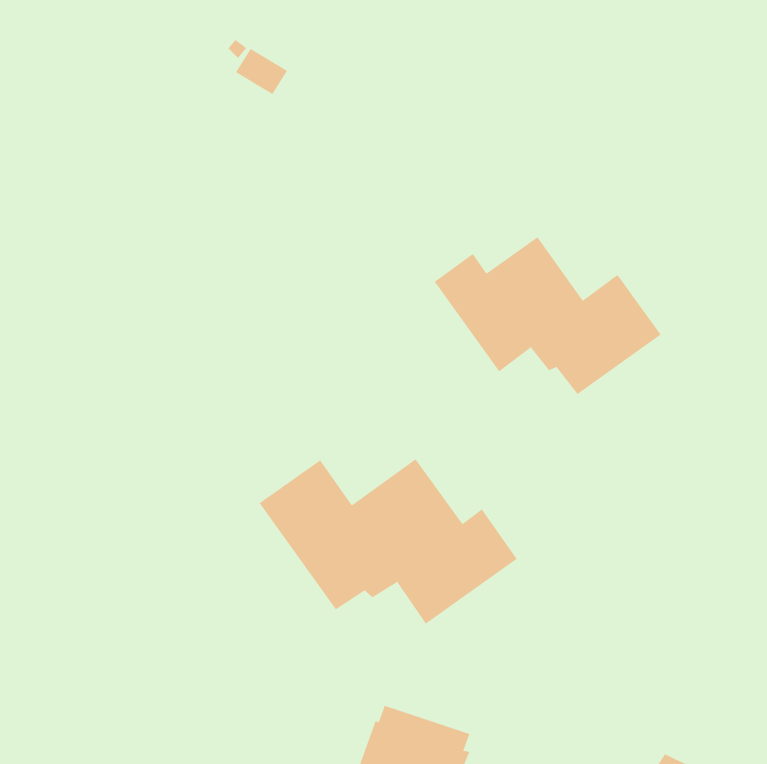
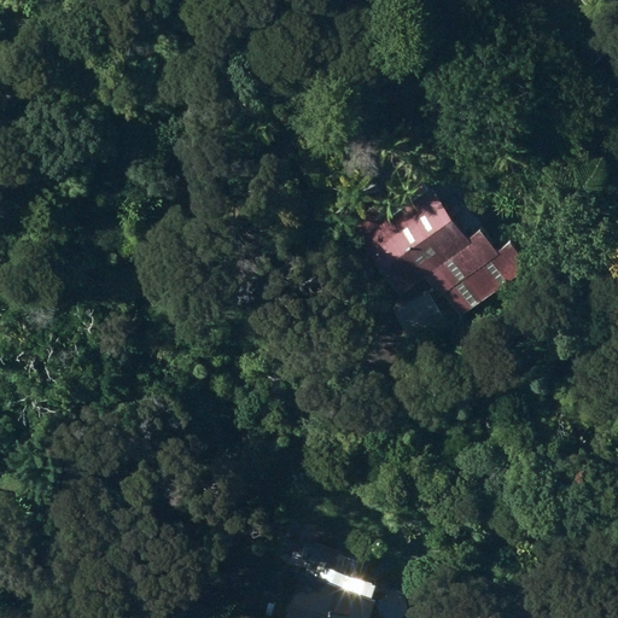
building: [259,458,517,625] -> none

